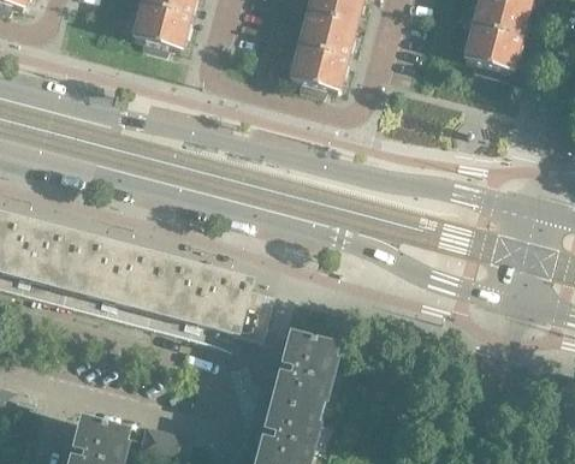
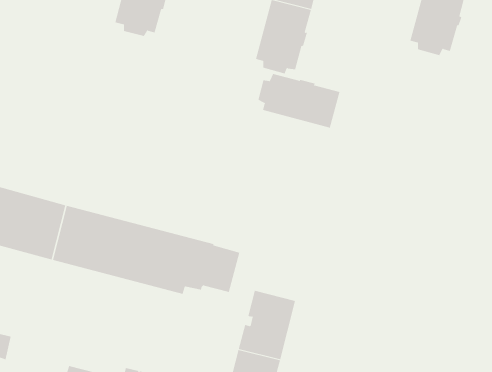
building: none -> [258,73,340,129]

